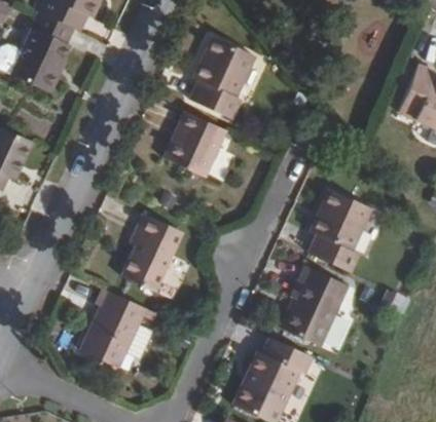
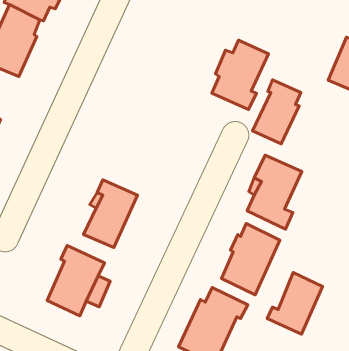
building: [192,39,256,117] -> [212,40,268,109]
building: none -> [253,80,301,144]
building: [167,111,228,176] -> none
building: none -> [267,273,323,334]

